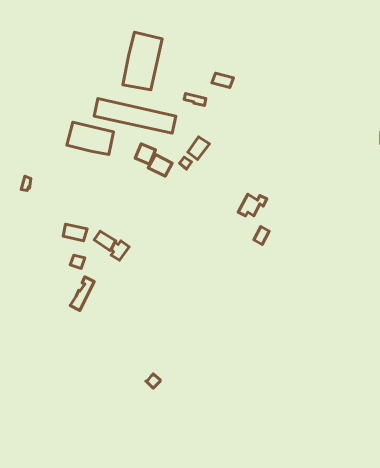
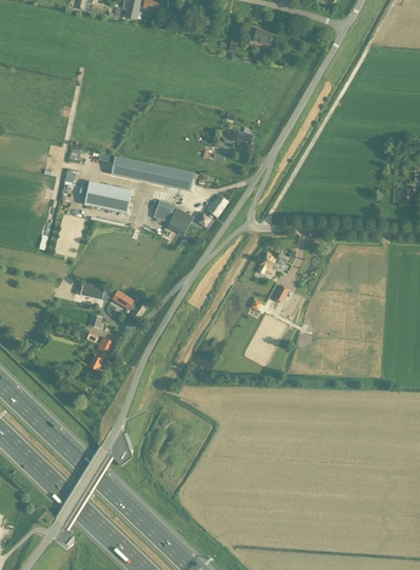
building: [123,32,162,90] -> none

